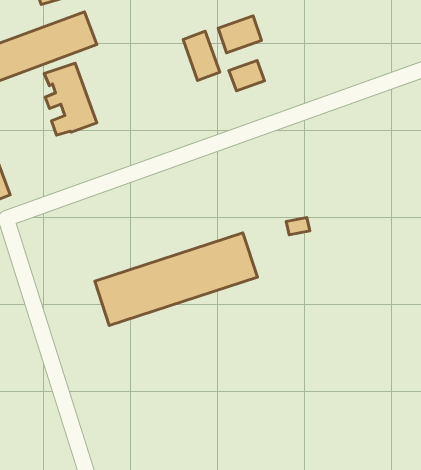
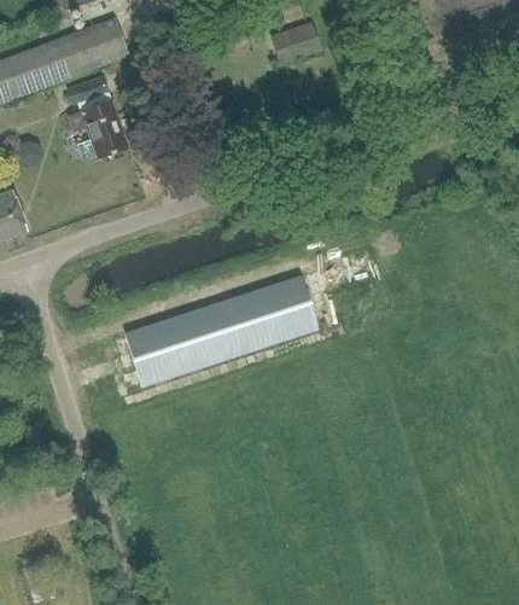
building: [183,31,220,81] -> none
building: [229,61,265,91] -> none

